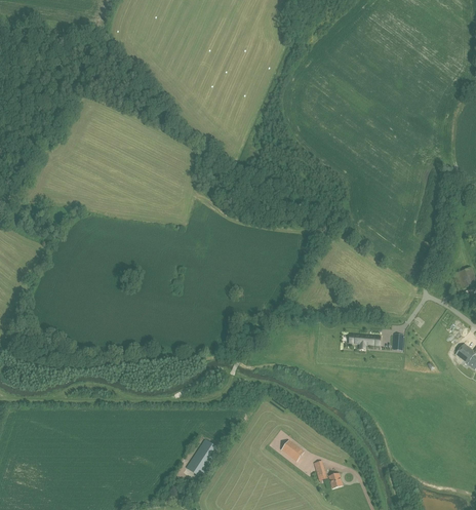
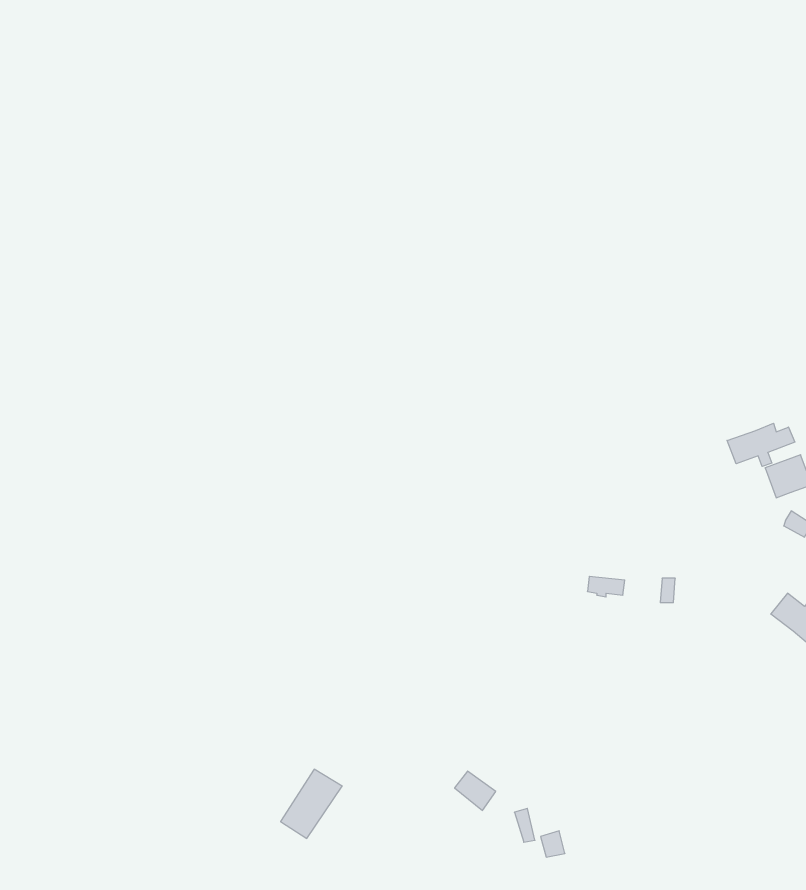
building: none -> [727,423,795,466]

